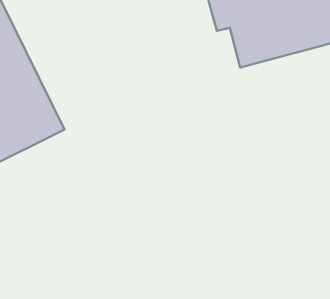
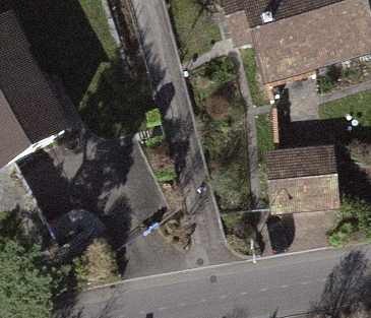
building: none -> [264,135,341,205]

